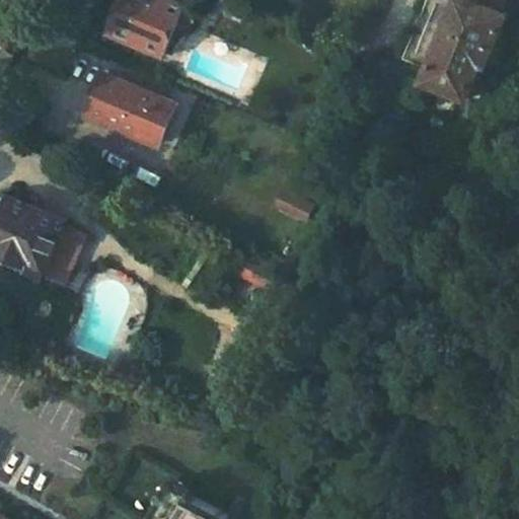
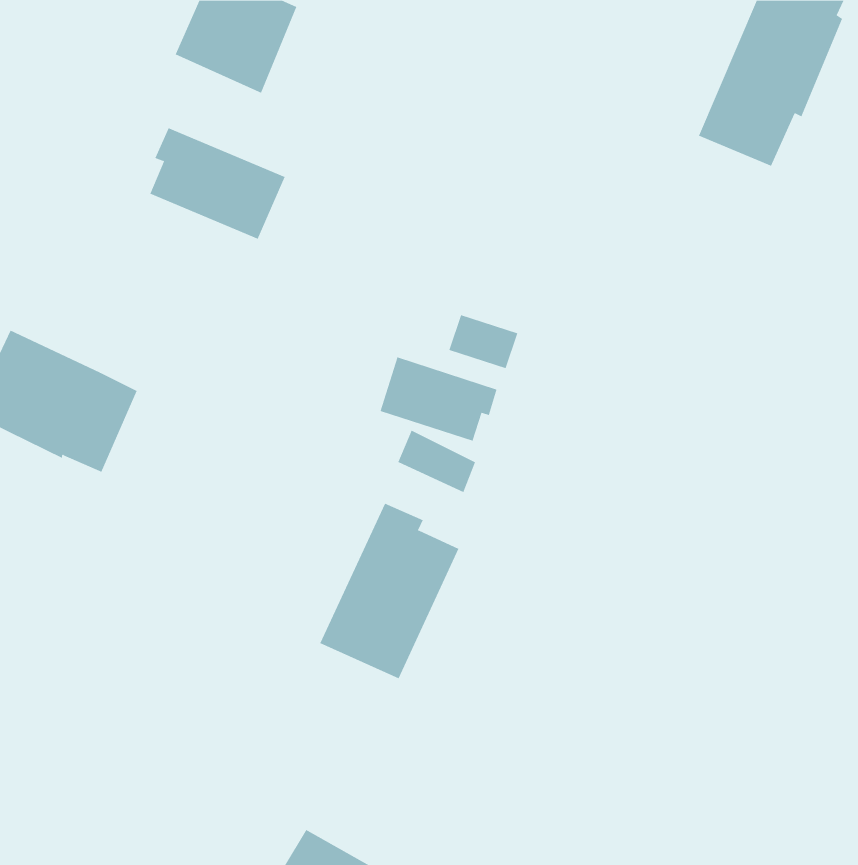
building: none -> [380,356,497,442]
building: none -> [320,503,459,679]

